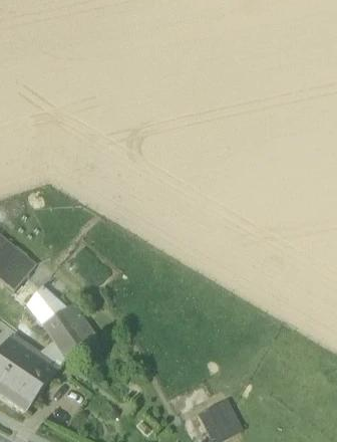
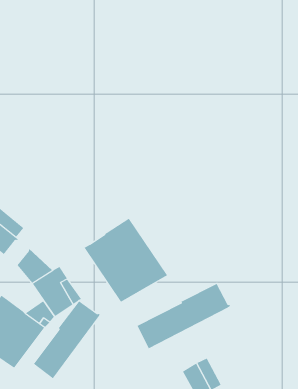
building: none -> [84,218,168,303]
building: none -> [137,283,231,349]
building: none -> [33,300,101,379]

